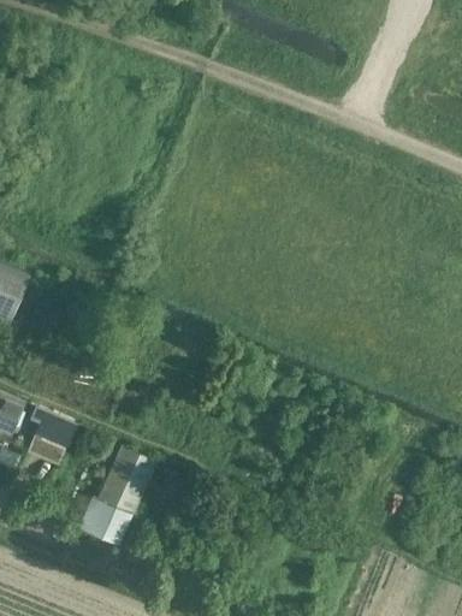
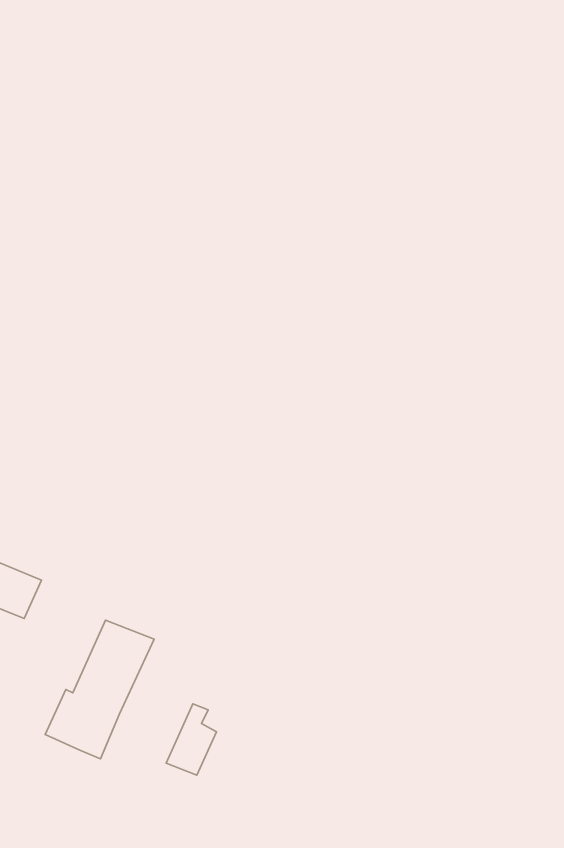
building: none -> [166,704,217,775]

